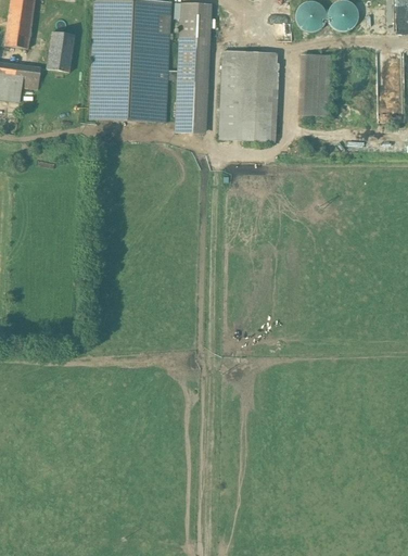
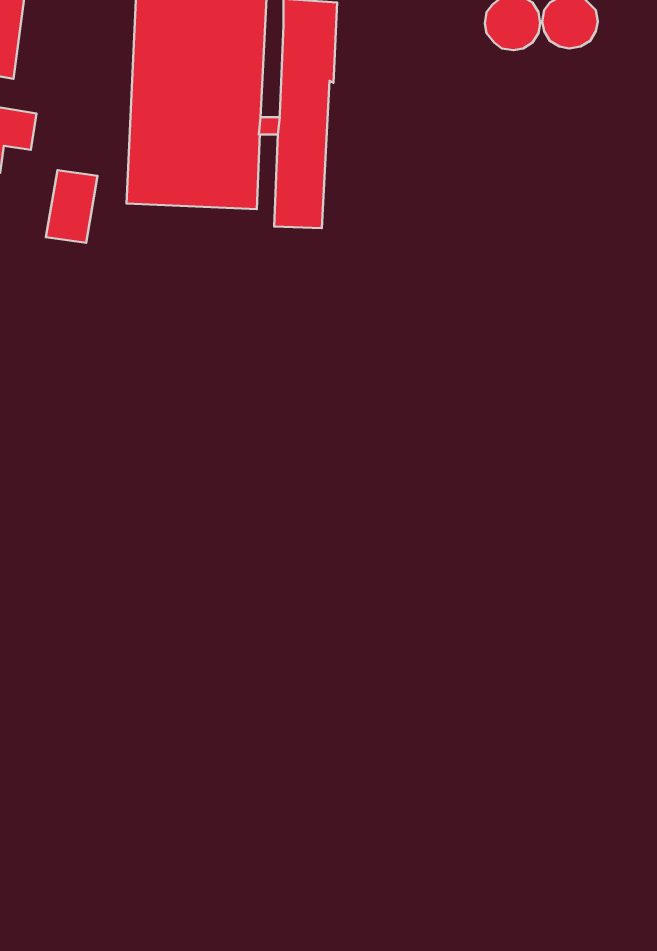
building: [46,29,75,71] -> [46,170,98,243]
building: [218,49,270,140] -> none
building: [302,53,330,115] -> none

